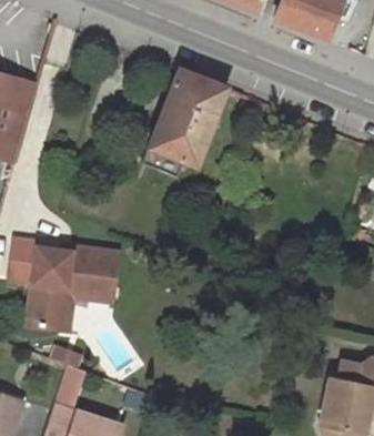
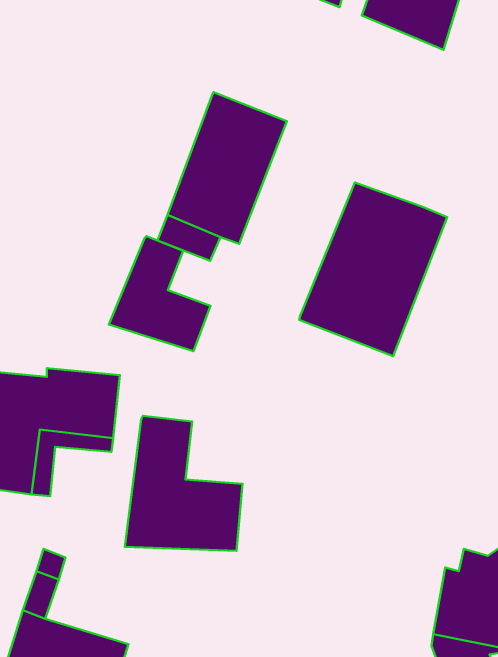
building: none -> [299,182,447,356]
building: none -> [109,236,210,351]
building: none -> [125,416,242,551]

